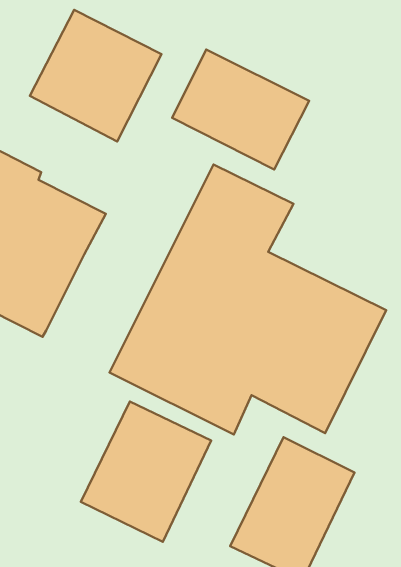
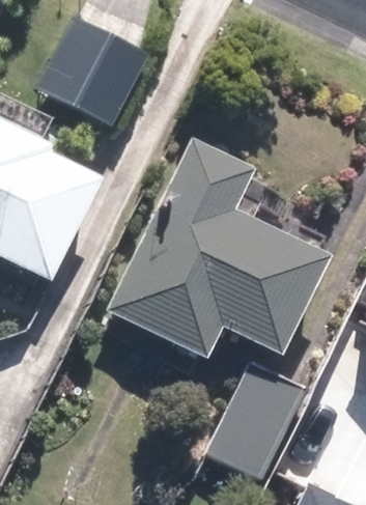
building: [172,50,309,170] -> none
building: [81,402,211,542] -> none

